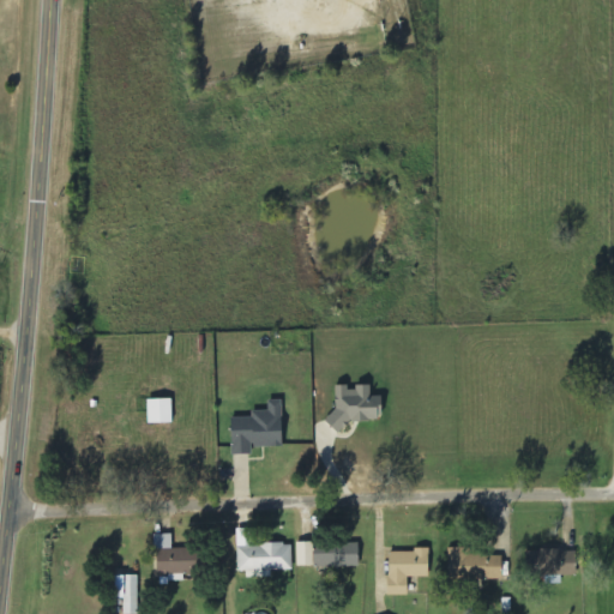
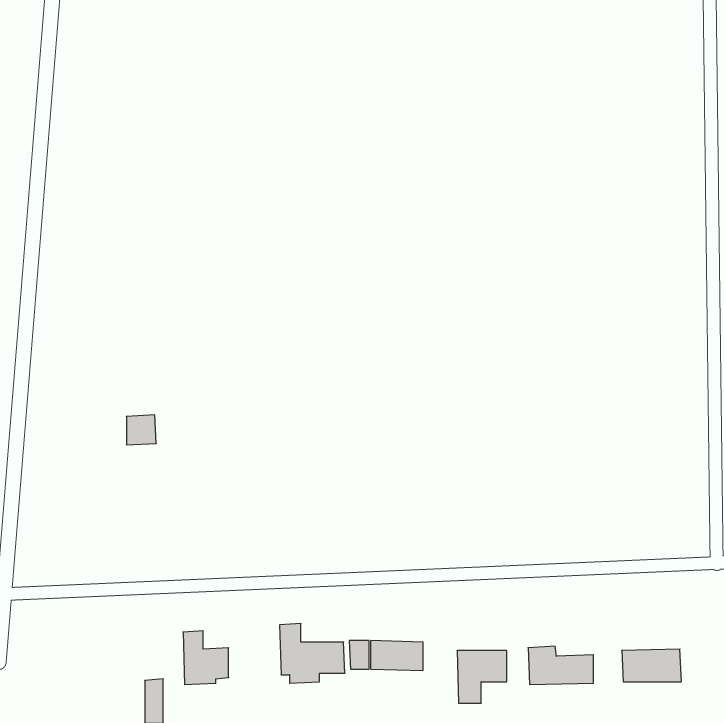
building: [331,383,379,422] -> none
building: [146,397,171,422] -> [126,415,156,445]
building: [229,398,281,453] -> none

